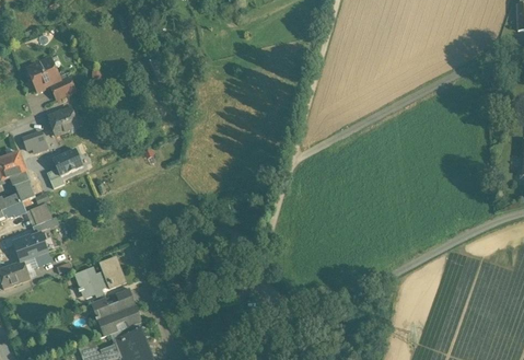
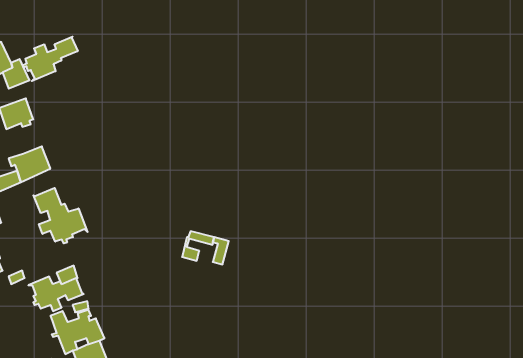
building: none -> [23,37,78,81]
building: none -> [33,188,88,243]

